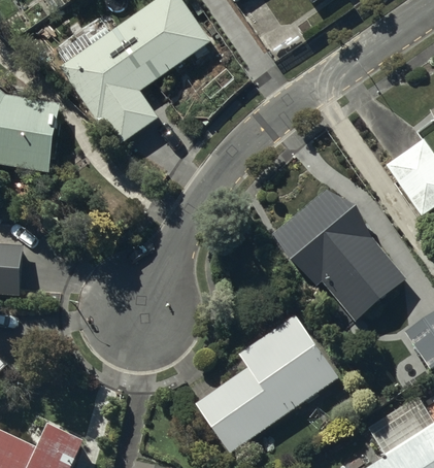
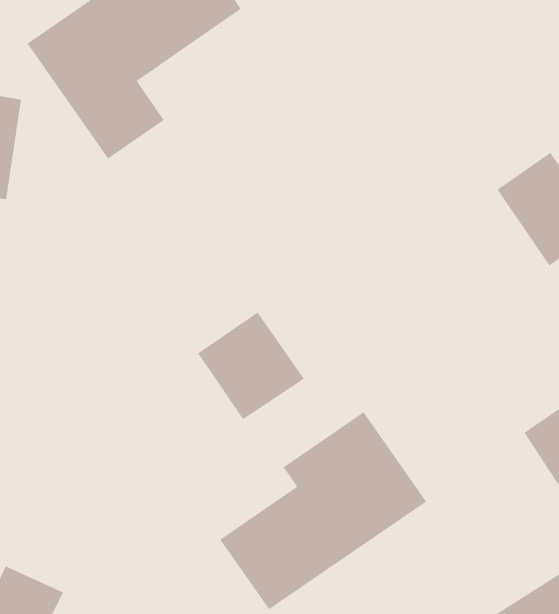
building: [271,187,404,321] -> none
building: none -> [197,311,305,420]

